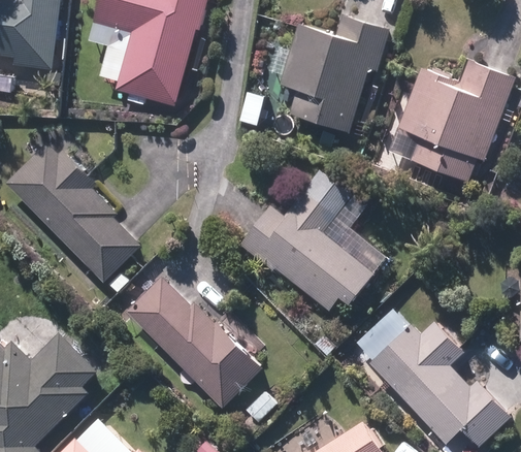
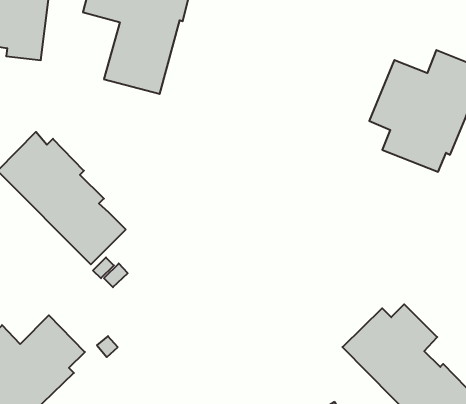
building: [274,19,385,136] -> none
building: [234,170,372,316] -> none
building: [129,276,262,405] -> none

